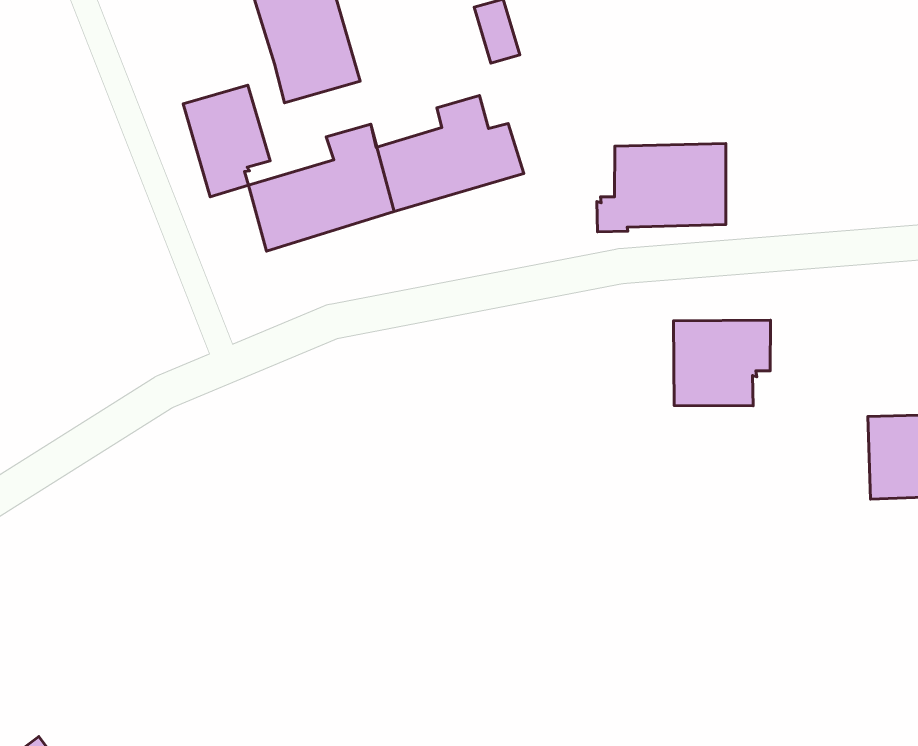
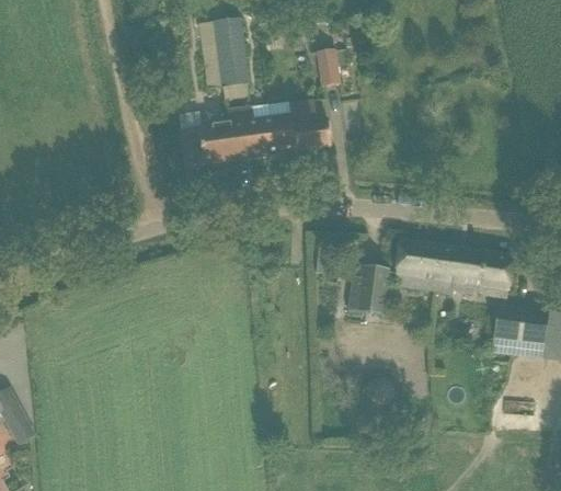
building: [183,85,270,197] -> none
building: [597,144,726,232] -> [437,247,514,298]
building: none -> [346,265,390,312]

